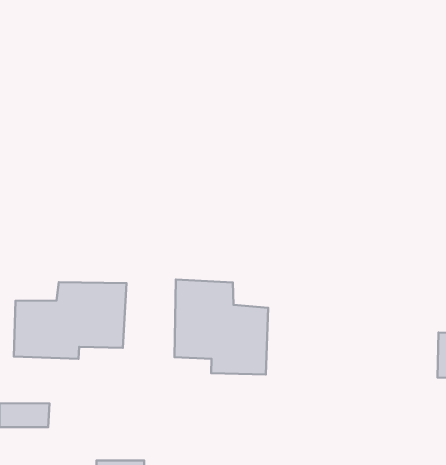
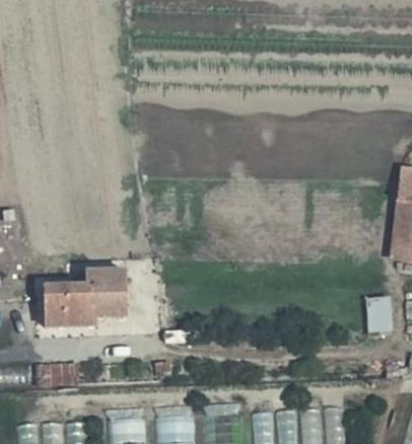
building: [175,279,268,375] -> none

